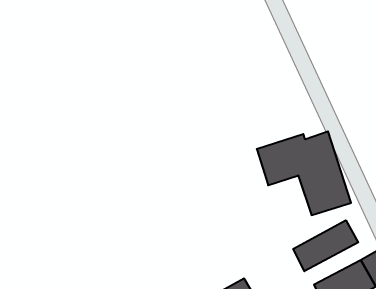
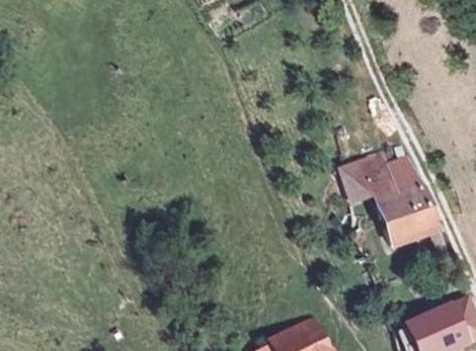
building: [293,220,358,271] -> none

